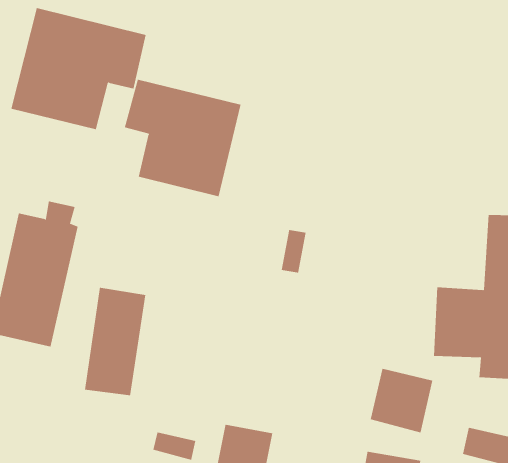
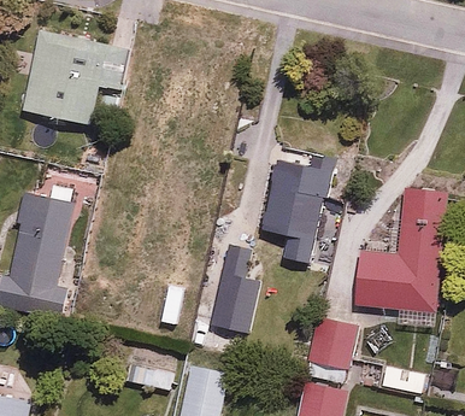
building: [124,79,241,197] -> none
building: none -> [264,157,334,262]
building: [84,287,146,396] -> [213,246,263,333]

